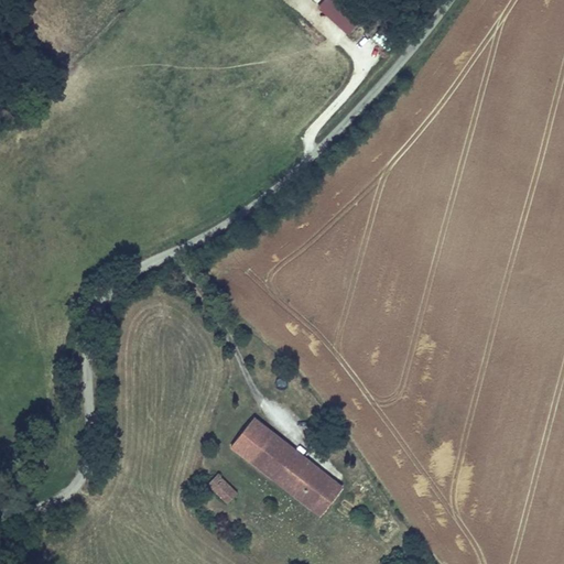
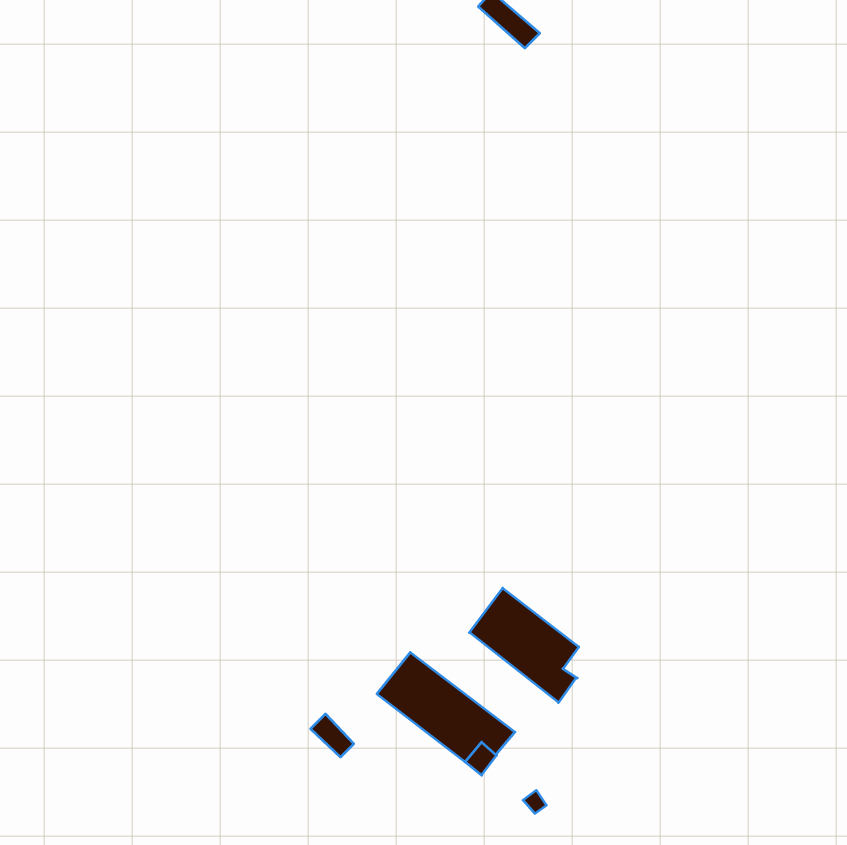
building: none -> [469,588,579,703]
building: [231,419,273,460] -> none

